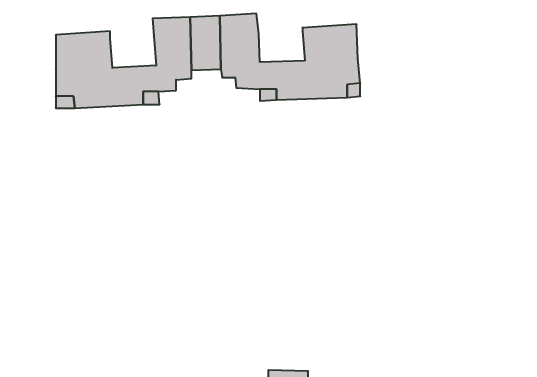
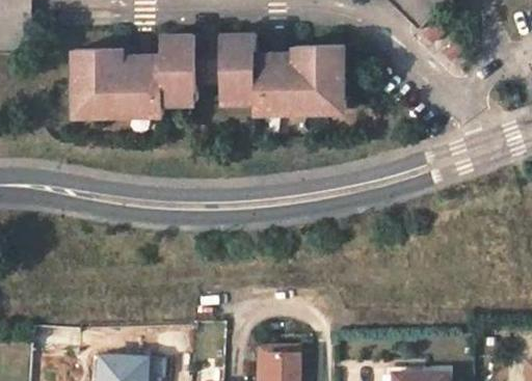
building: none -> [256,51,296,78]
building: none -> [125,55,165,83]

